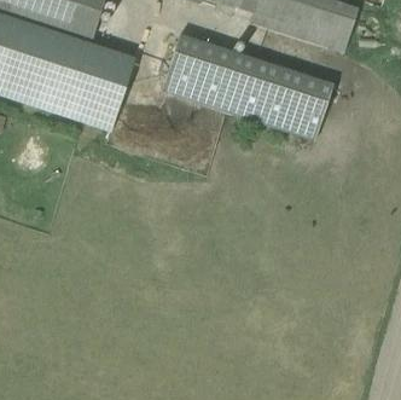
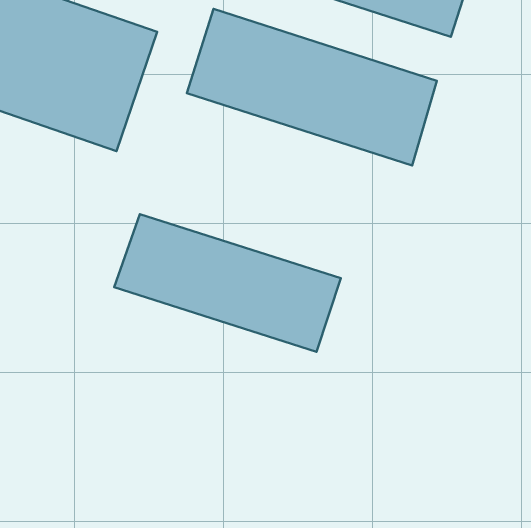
building: none -> [114,214,341,352]

